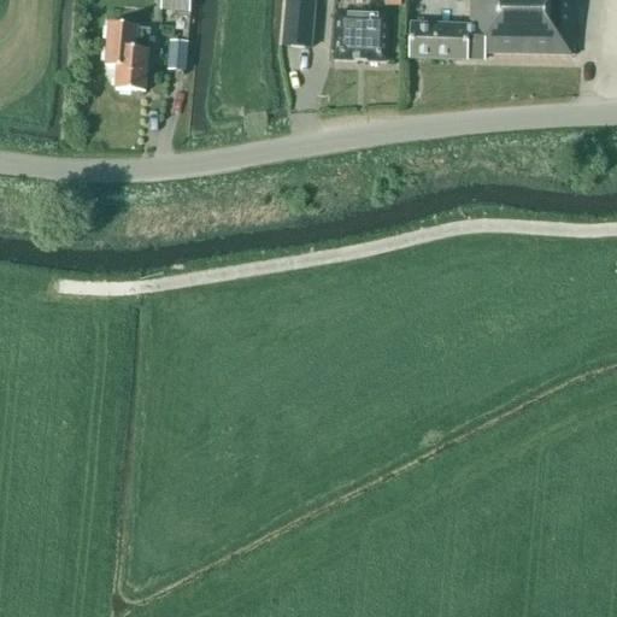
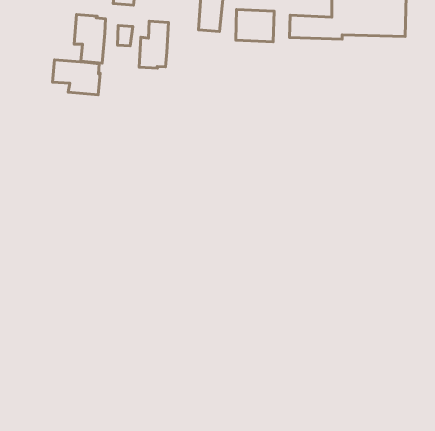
building: none -> [139,21,168,68]
building: none -> [52,60,100,95]

